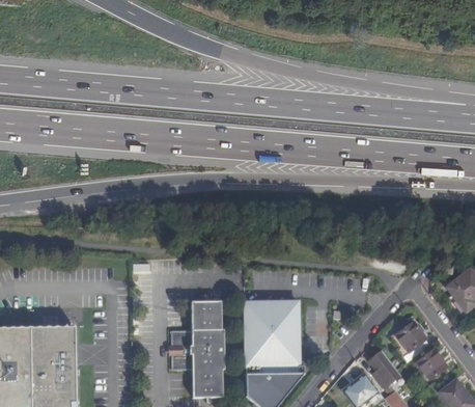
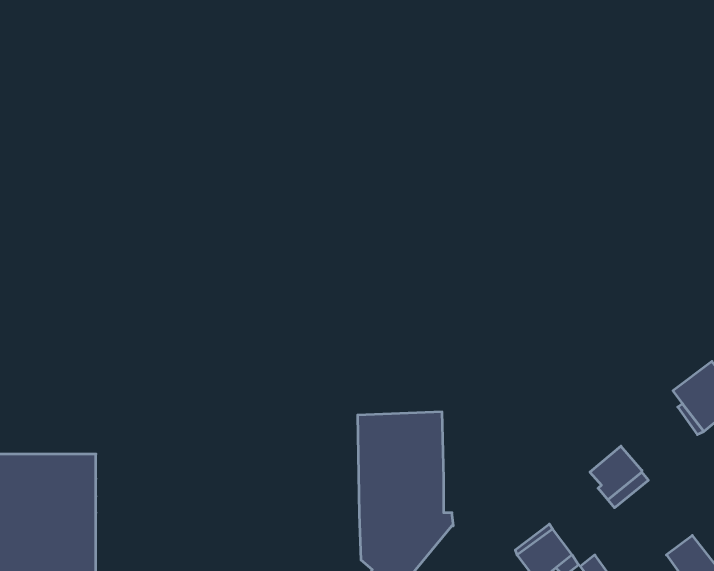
building: [167,300,225,396] -> none
building: [416,348,447,380] -> none
building: [374,360,401,391] -> none

